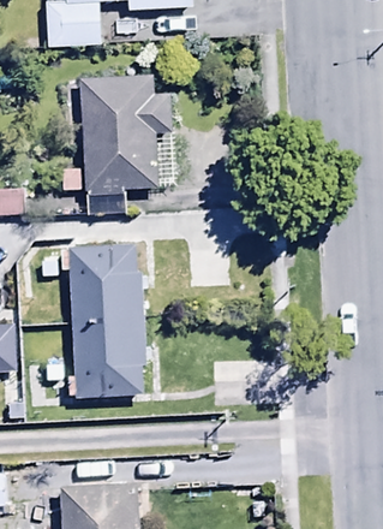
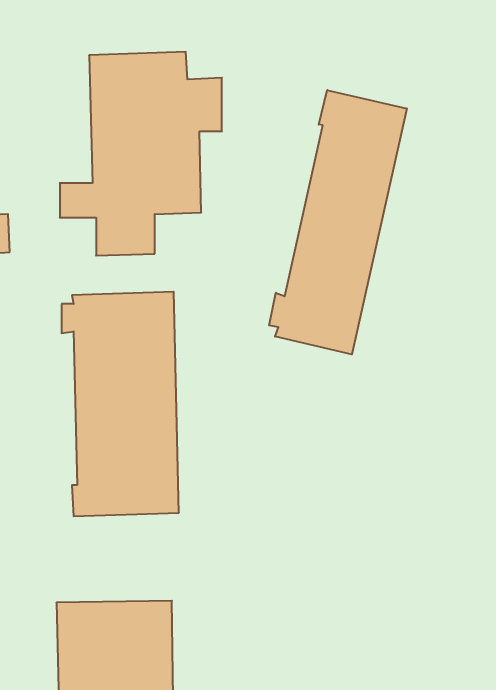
building: none -> [269,90,407,354]

